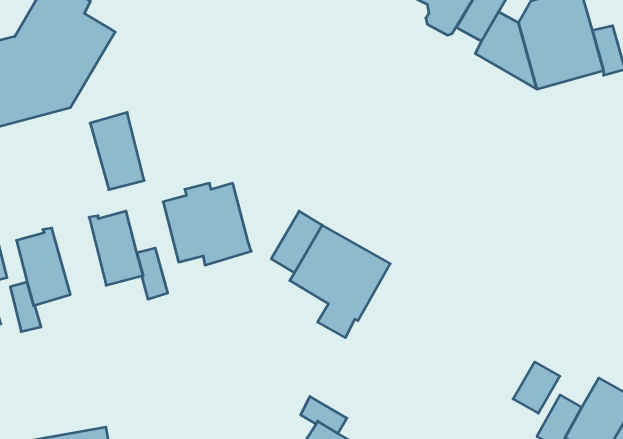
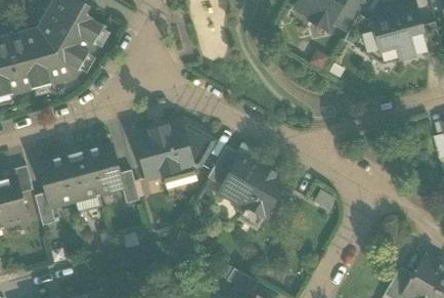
building: [90,112,144,190] -> [62,150,98,201]
building: none -> [182,126,212,166]
building: [513,362,560,413] -> none

